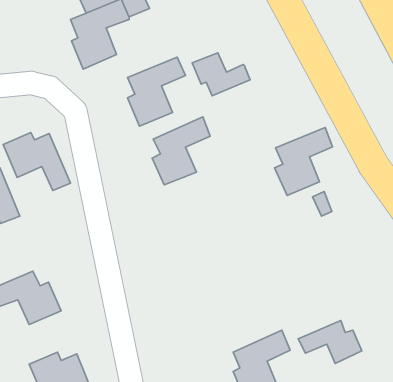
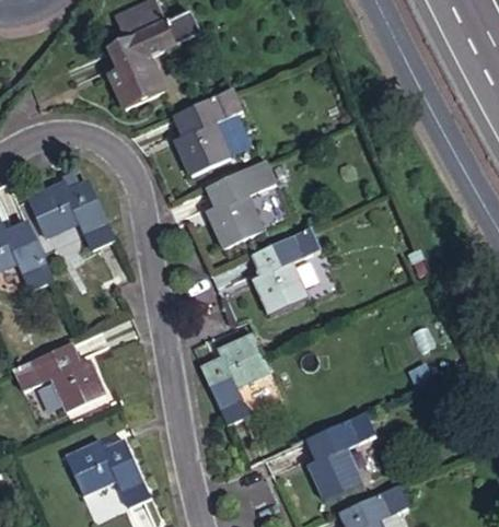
building: [192,53,250,96] -> none
building: [274,128,332,196] -> [253,231,322,312]
building: none -> [199,335,267,425]
building: [298,321,362,364] -> none

